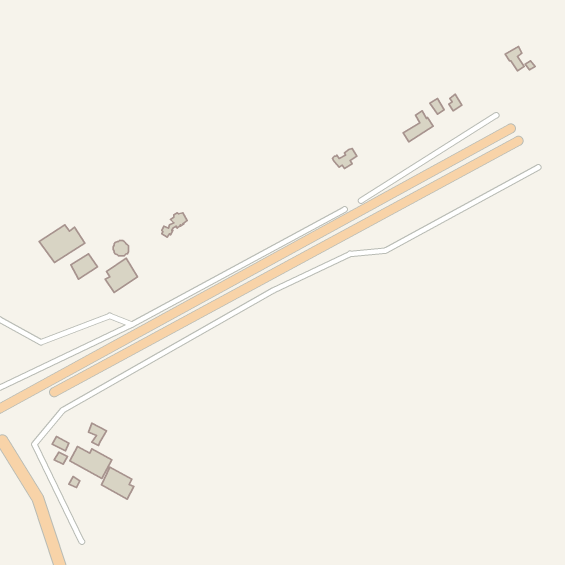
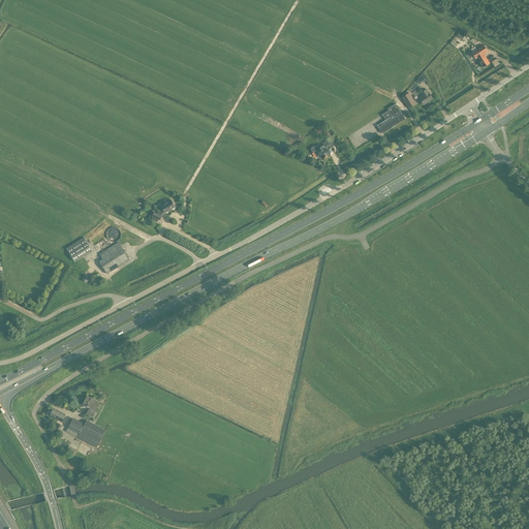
building: [39,225,85,263] -> none
building: [102,467,134,499] -> none

